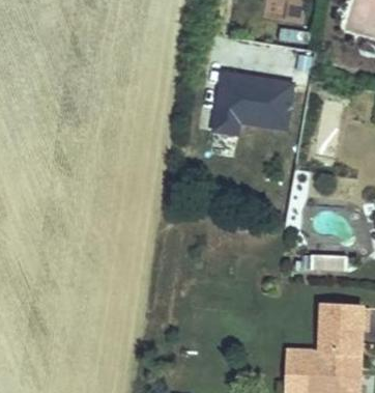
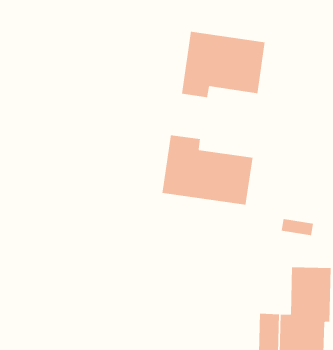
building: none -> [162,134,253,206]

